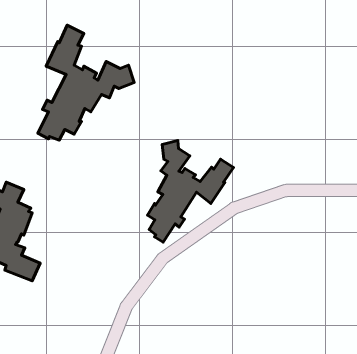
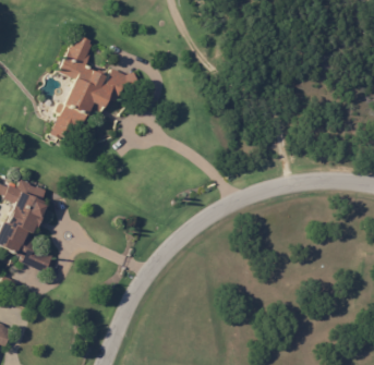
building: [147,141,233,242] -> none

